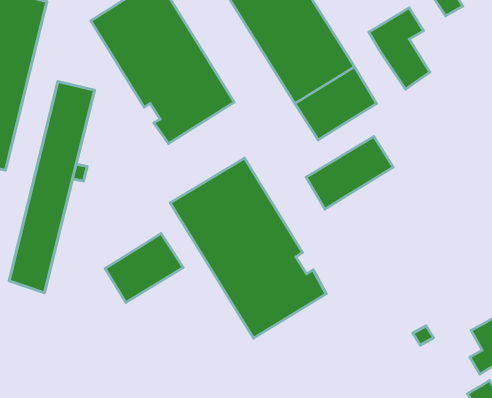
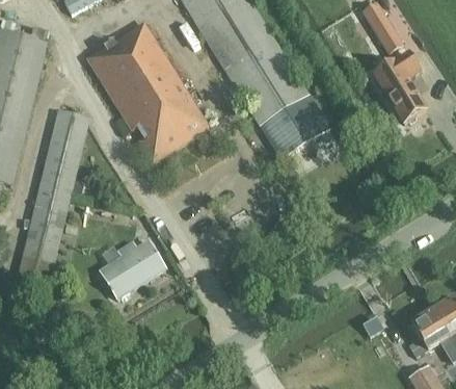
building: [369,8,430,89] -> [373,51,425,121]
building: [306,137,393,209] -> none
building: [170,158,326,338] -> none

